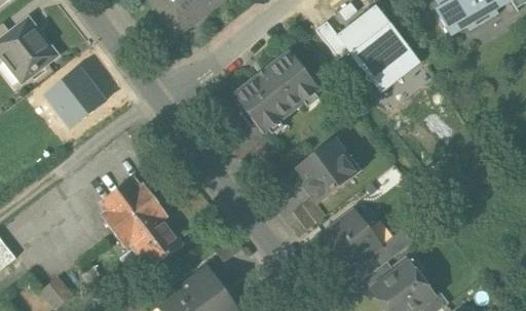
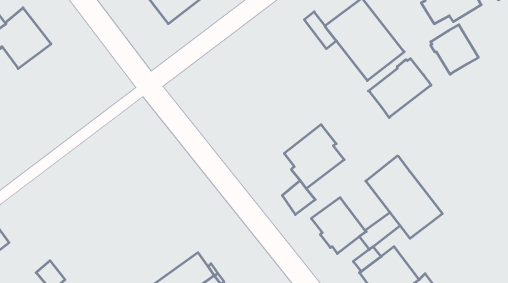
building: none -> [431,25,478,74]
building: [233,51,318,132] -> none
building: [45,69,104,126] -> none
building: none -> [368,59,431,118]
building: none -> [366,156,442,238]
building: [99,178,182,269] -> none

